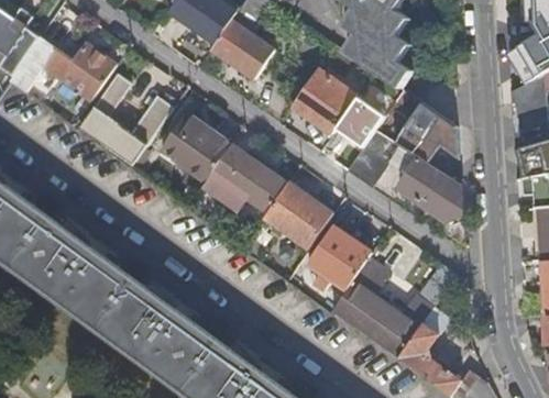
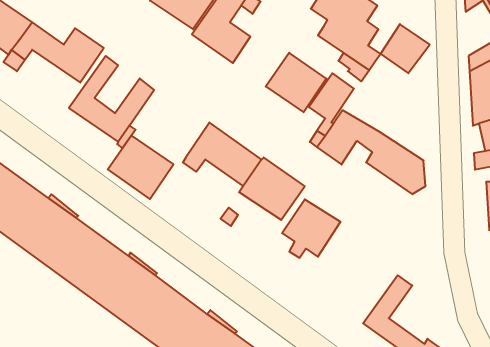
building: [397,103,450,156] -> [381,24,430,73]
building: [161,113,231,181] -> [108,136,173,199]
building: [334,258,455,360] -> none

